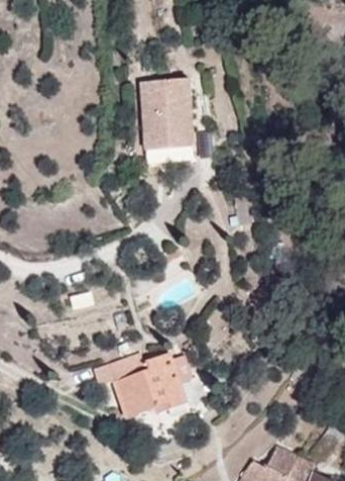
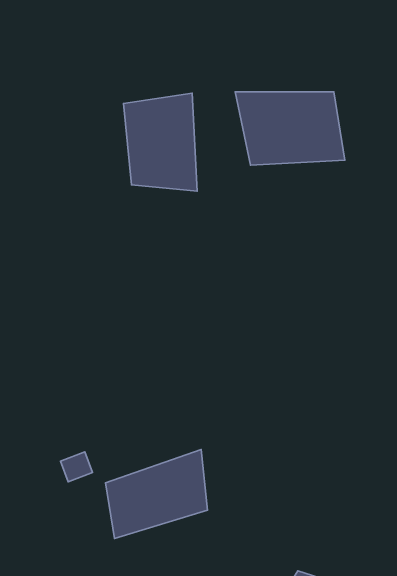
building: none -> [235,92,345,165]

